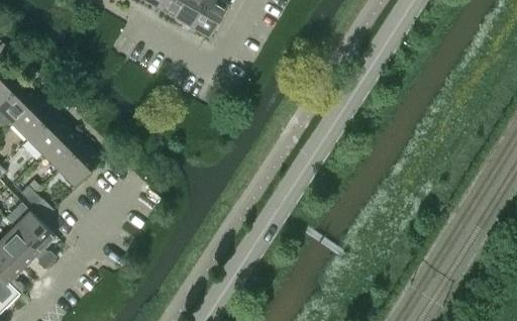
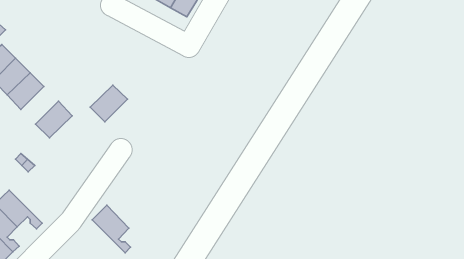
building: [26,113,68,154] -> none
building: [58,145,99,186] -> [90,85,128,122]
building: [13,211,56,263] -> [92,205,131,253]

